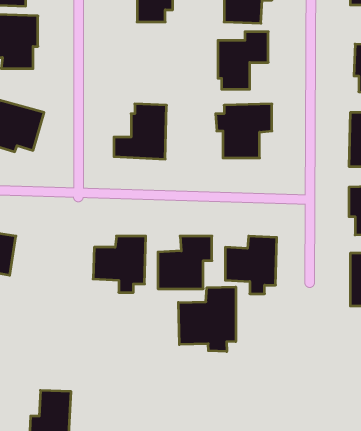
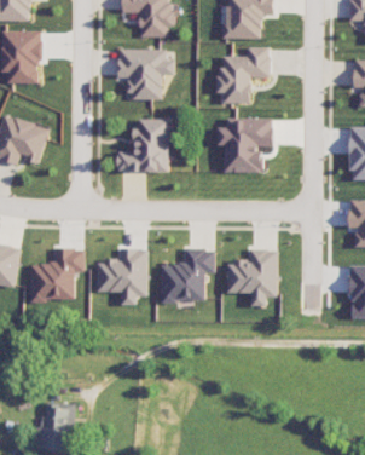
building: none -> [117,50,173,99]
building: none -> [29,248,83,300]
building: [178,287,236,352] -> none

